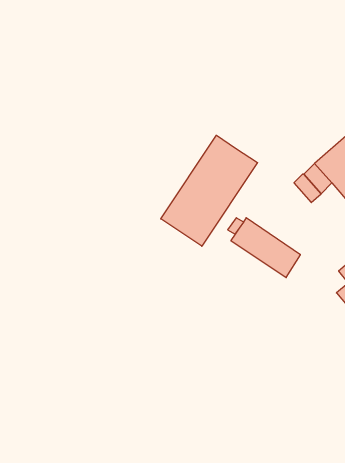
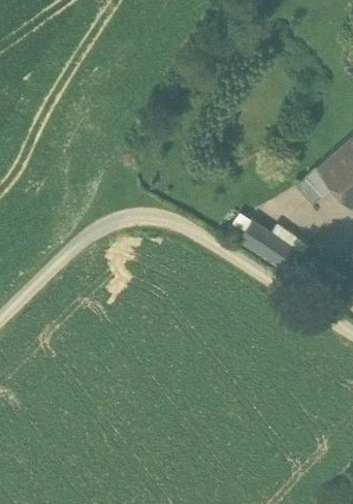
building: [161,135,258,246] -> none

